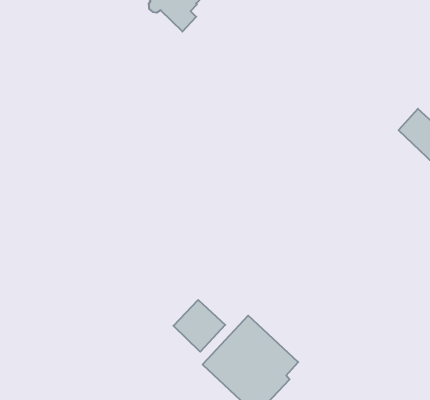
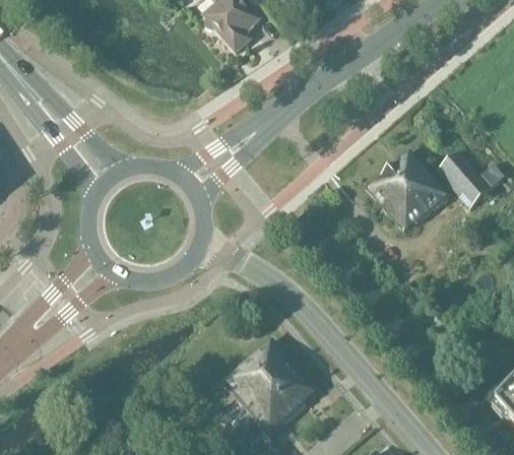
building: none -> [367,151,448,231]
building: [173,300,225,352] -> none

